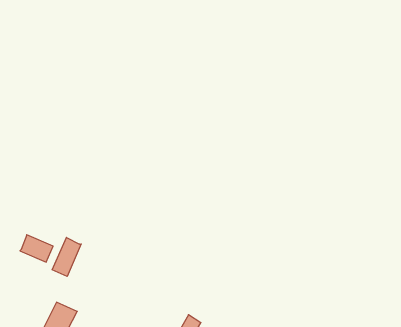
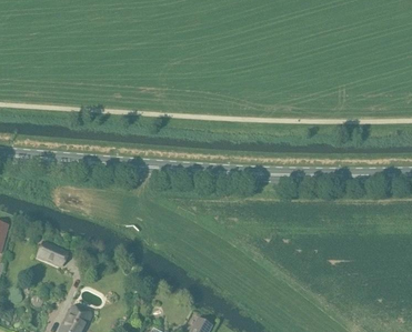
building: [52,237,81,276] -> none

